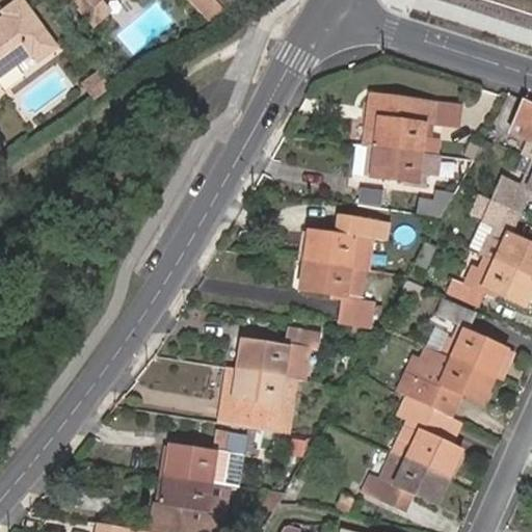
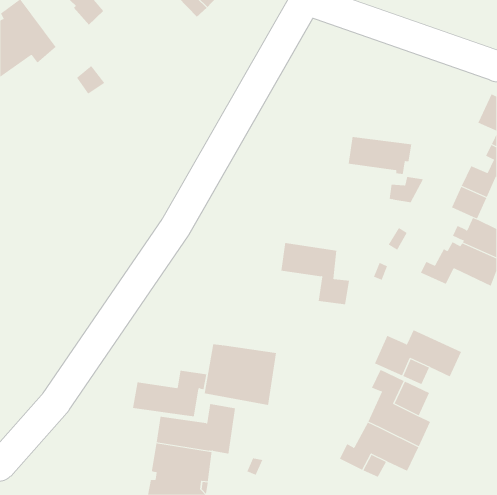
building: [364,92,458,154] -> none
building: [299,218,384,268] -> none
building: [433,297,512,378] -> none
building: [237,327,317,377] -> [132,370,207,417]

